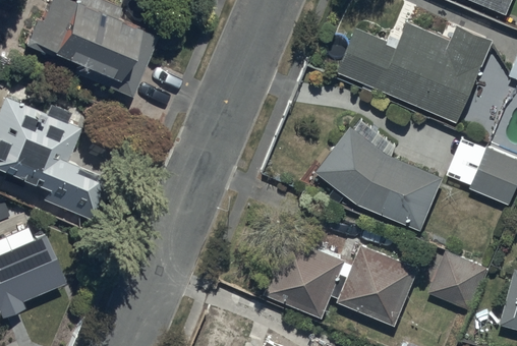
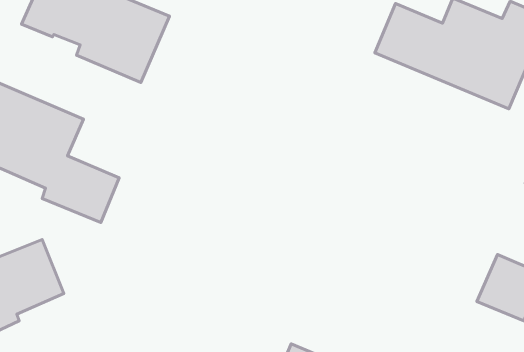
building: [318,129,443,232] -> none
building: [265,239,418,327] -> none

